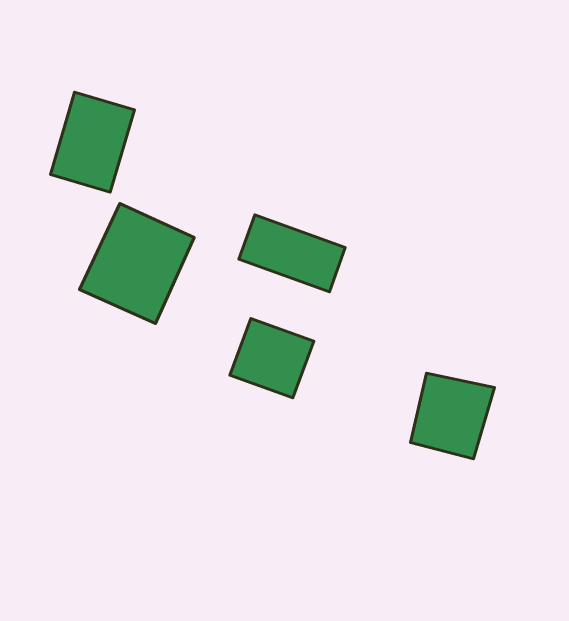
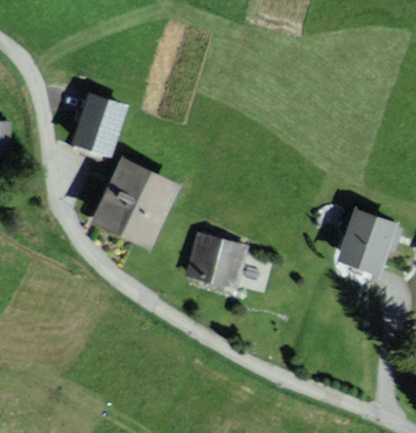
building: [239,215,345,292] -> none
building: [410,373,494,459] -> [343,215,396,269]

